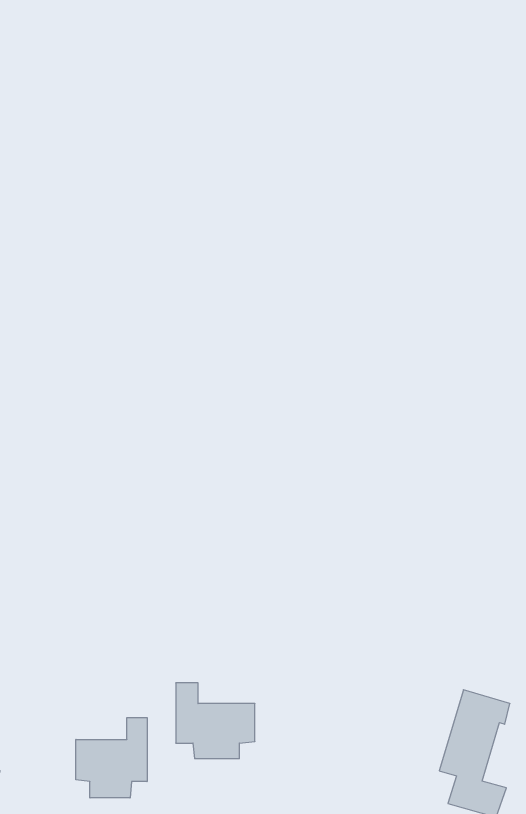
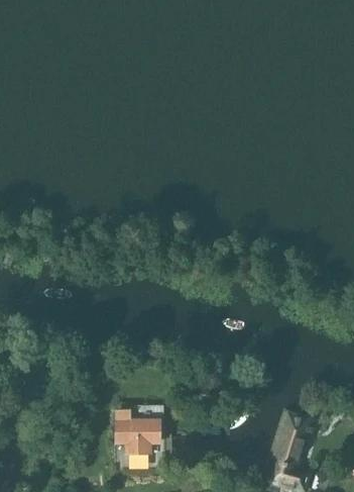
building: [76,718,147,798] -> none

